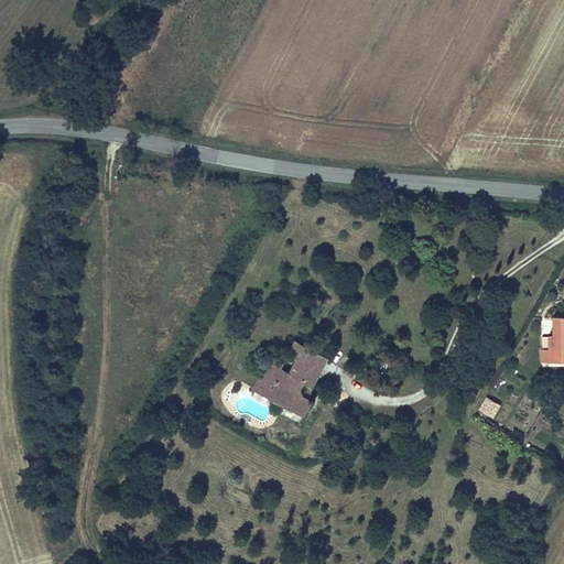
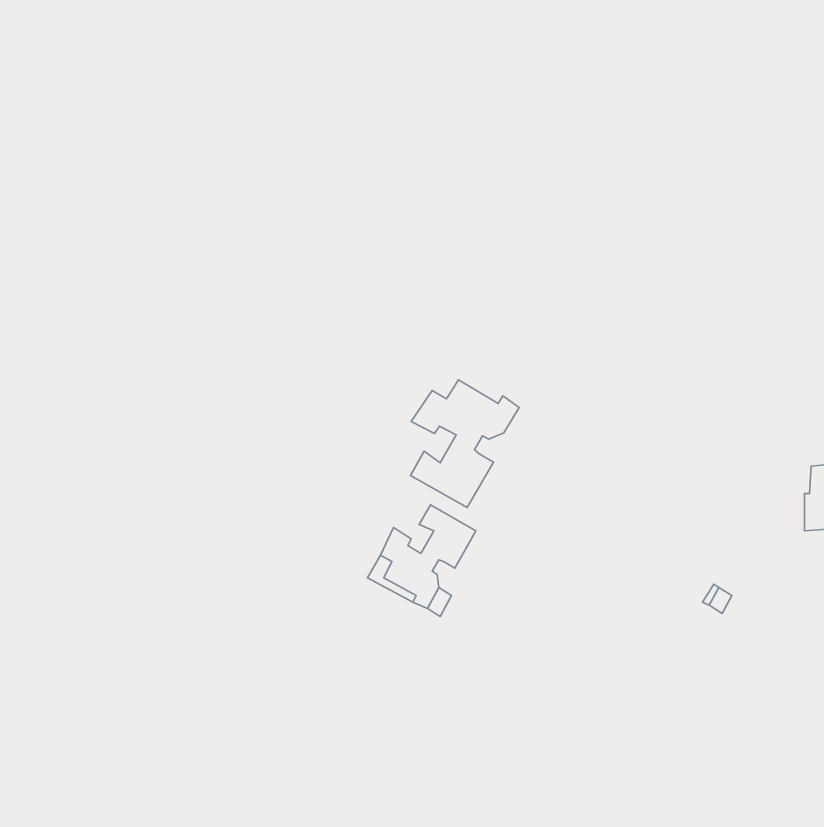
building: none -> [411,380,519,508]

